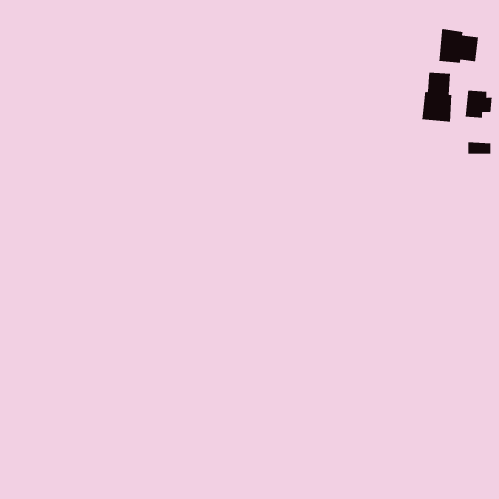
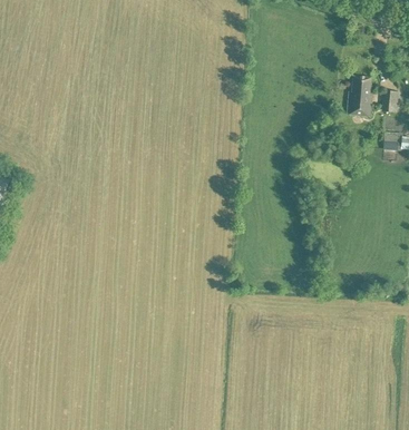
building: [439,28,479,63] -> none

